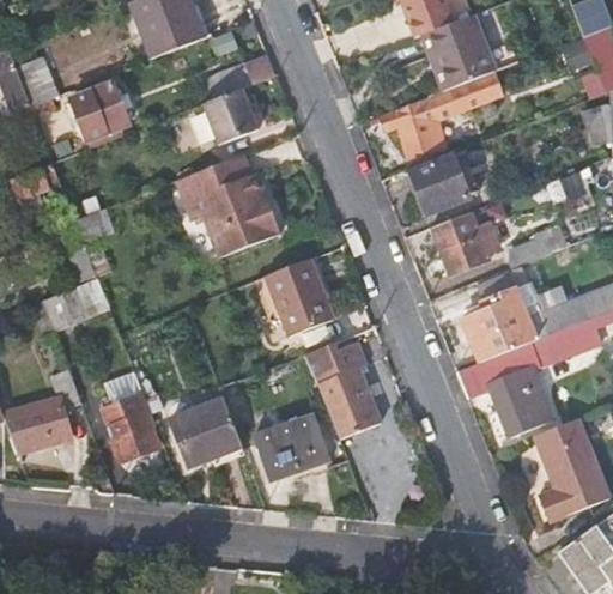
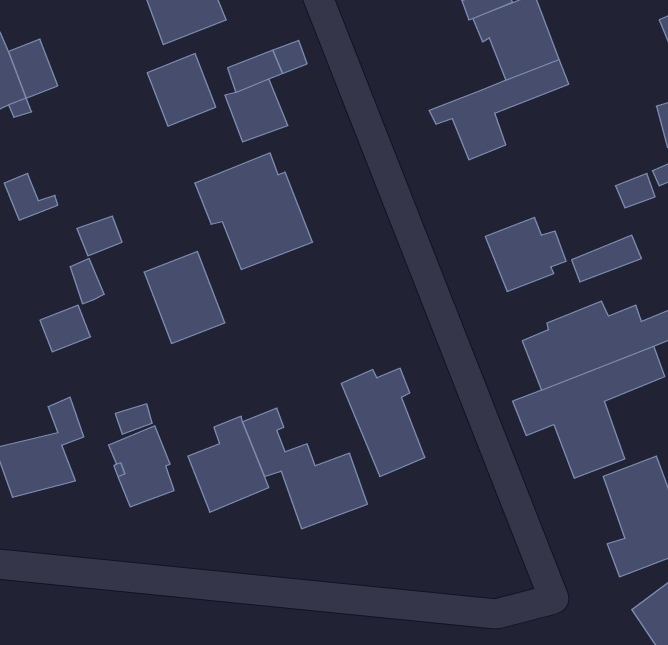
building: [67,74,127,138] -> [147,54,216,126]
building: [408,156,468,213] -> none
building: [265,257,335,338] -> [144,251,225,343]

